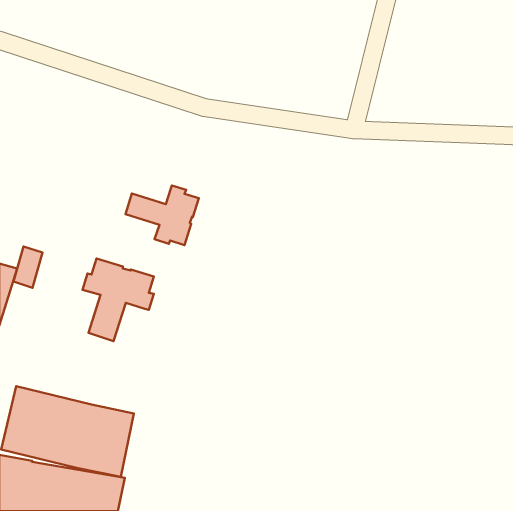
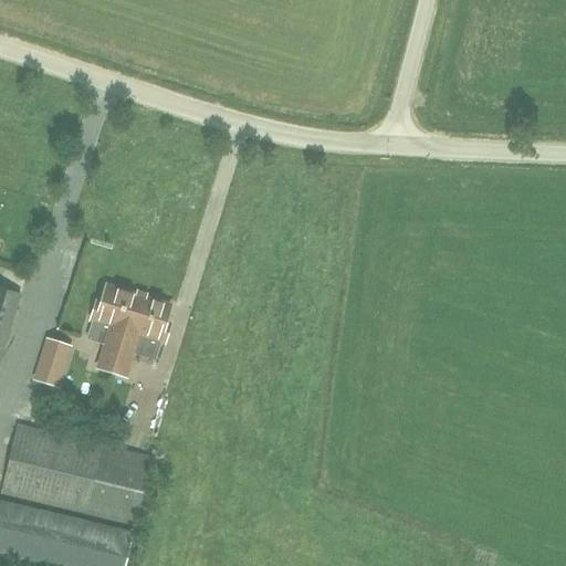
building: [126,185,199,245] -> none
building: [13,246,43,288] -> [34,339,66,385]

